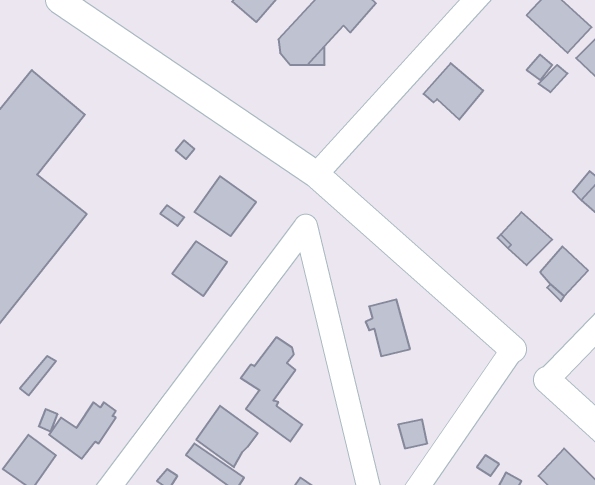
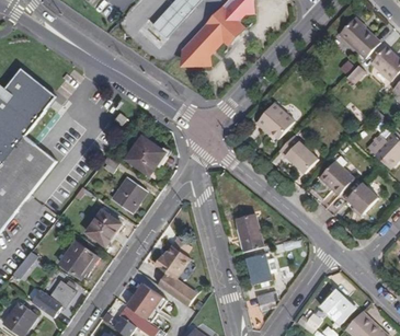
building: [423,63,483,120] -> [256,103,295,139]
building: none -> [278,135,319,172]
building: none -> [88,210,121,245]
building: none -> [60,241,98,278]
building: none -> [247,254,276,283]
building: none -> [321,289,355,324]

